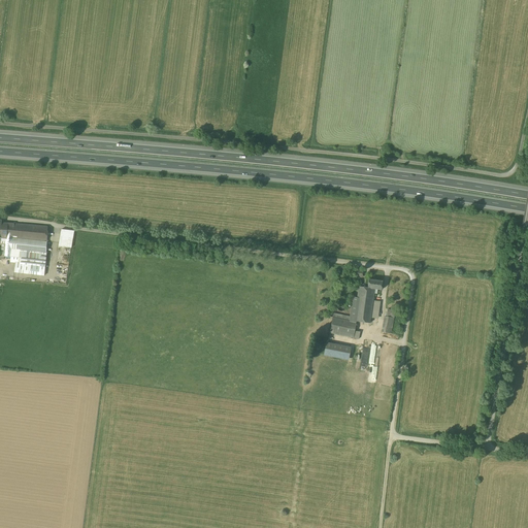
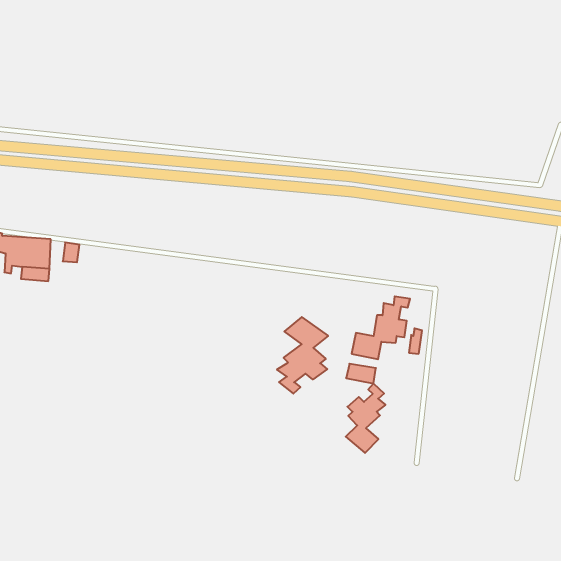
building: none -> [277,317,328,394]
building: none -> [346,384,385,453]

